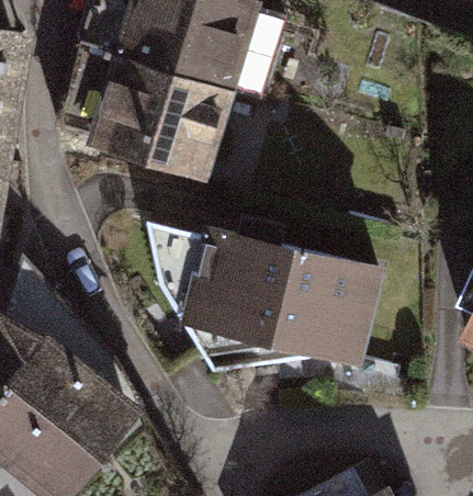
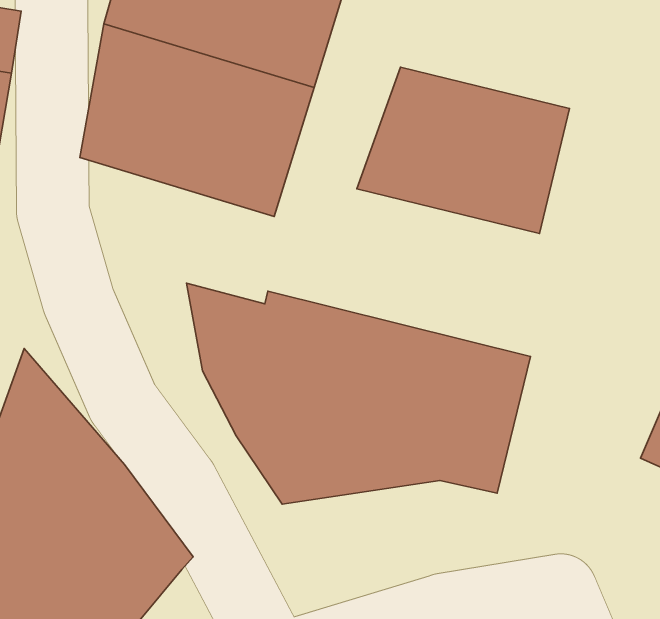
building: none -> [357,67,570,233]

